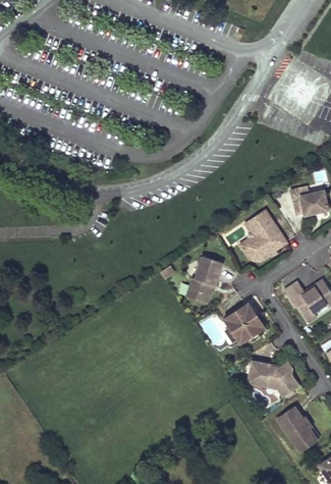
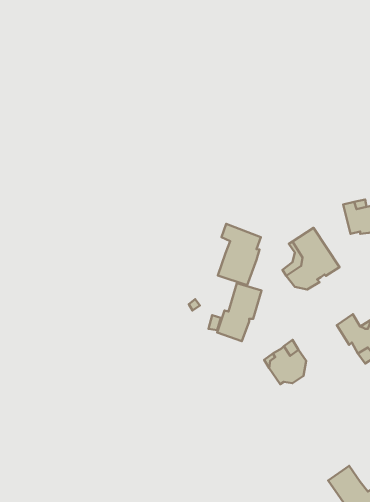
building: none -> [218,224,261,285]
building: [249,360,298,394] -> none

